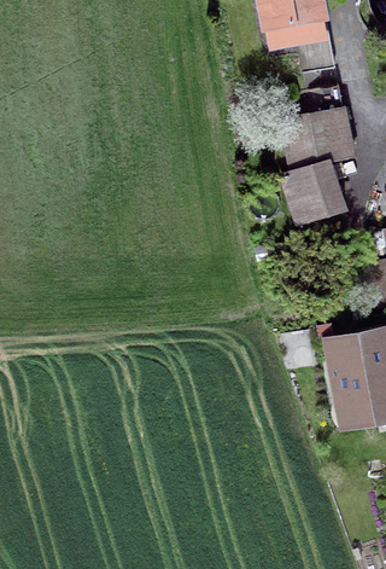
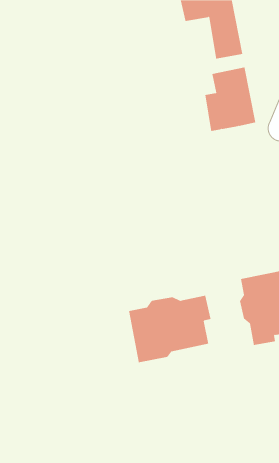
building: [287,157,338,214] -> none
building: none -> [129,295,211,363]

